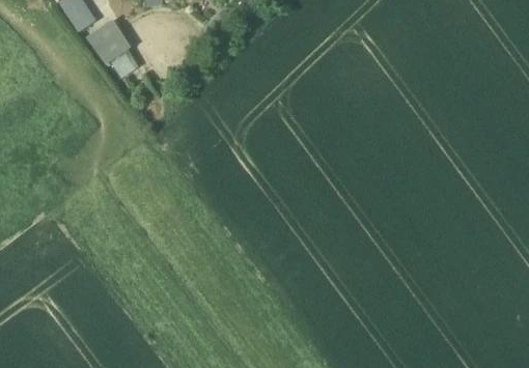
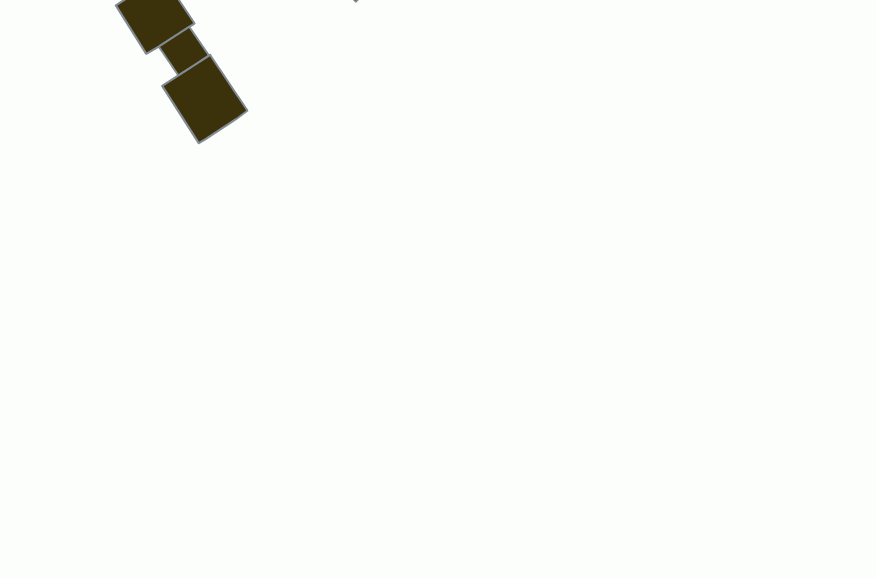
building: none -> [162,55,247,143]

